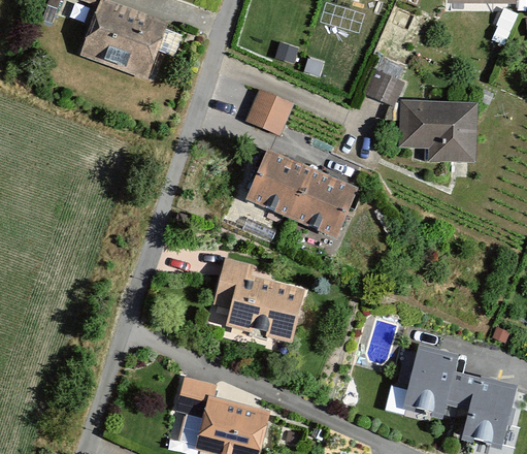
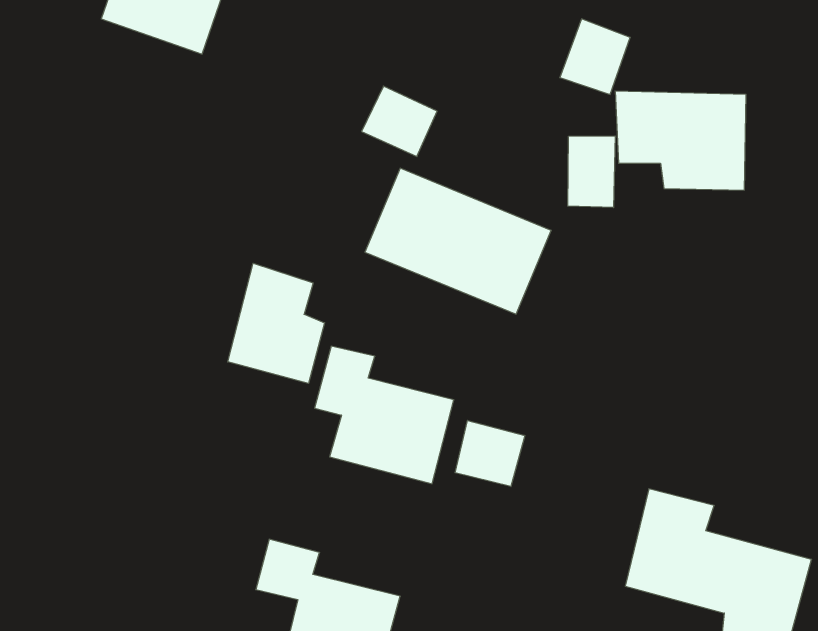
building: none -> [568,136,615,208]
building: none -> [228,263,325,383]
building: none -> [455,420,525,487]

